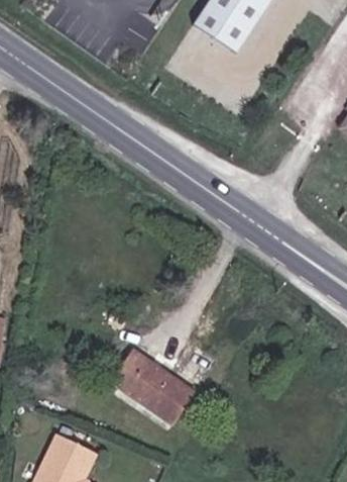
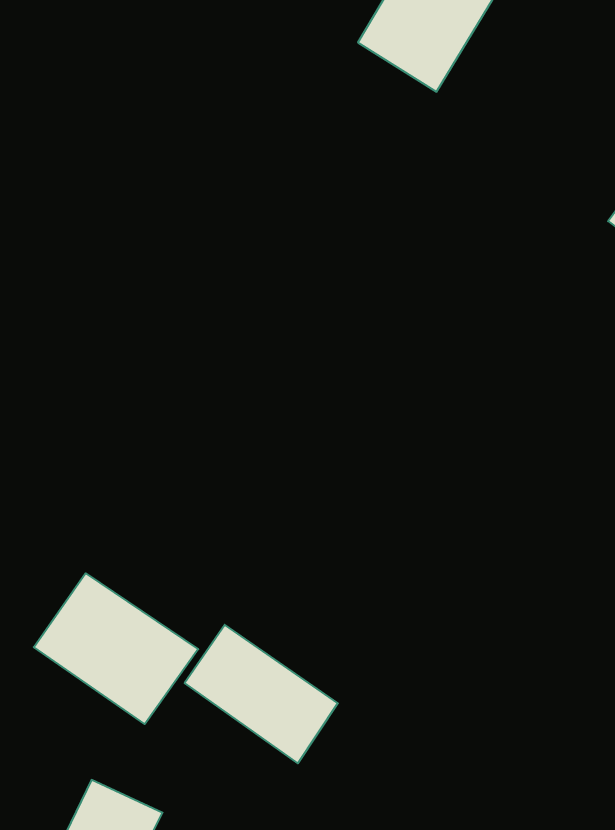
building: none -> [34,573,198,724]

